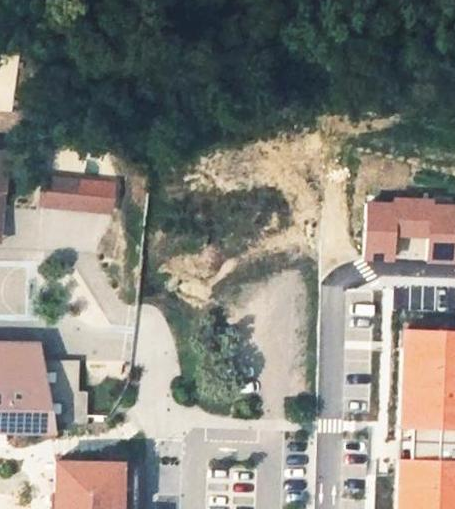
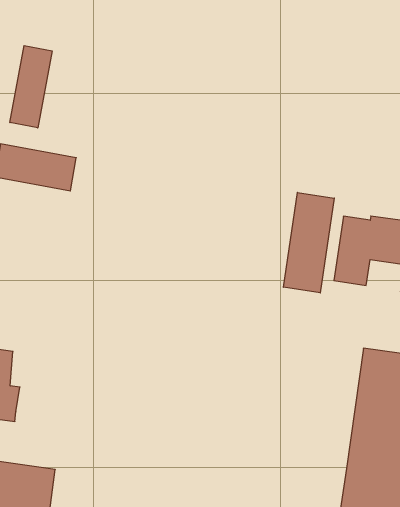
building: none -> [10,46,52,128]
building: none -> [283,192,334,293]

